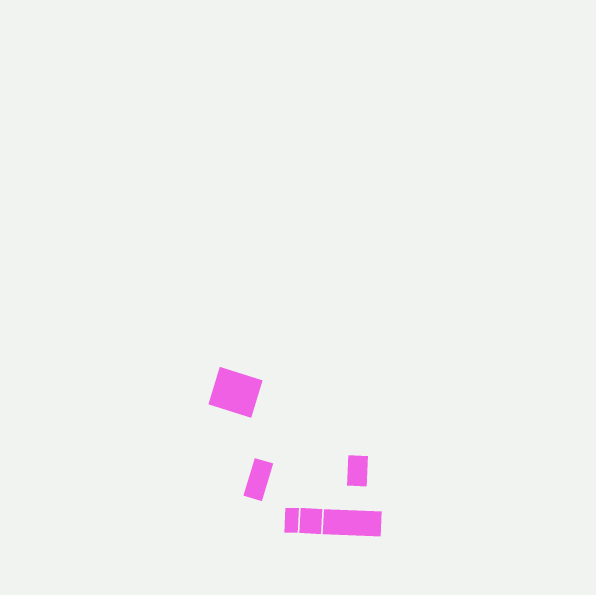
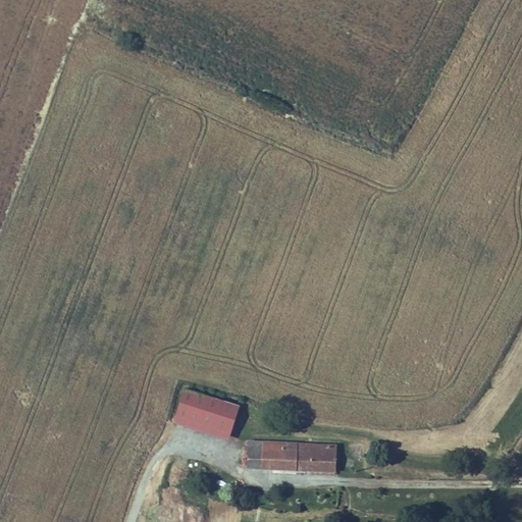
building: [207,366,263,419] -> [173,388,222,434]
building: [346,454,369,487] -> none

